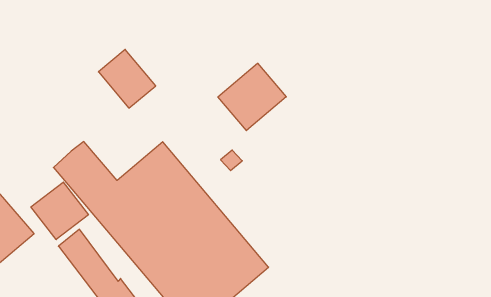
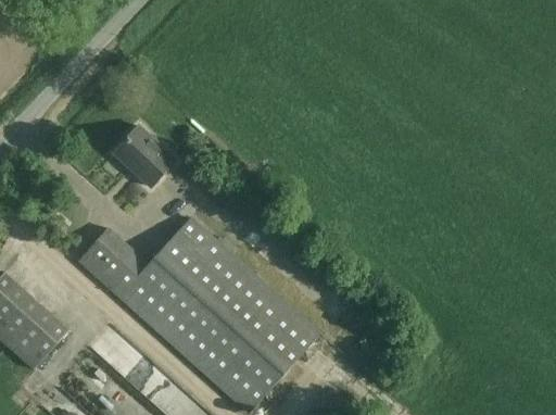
building: [218,63,286,131] -> none
building: [31,182,88,240] -> none

